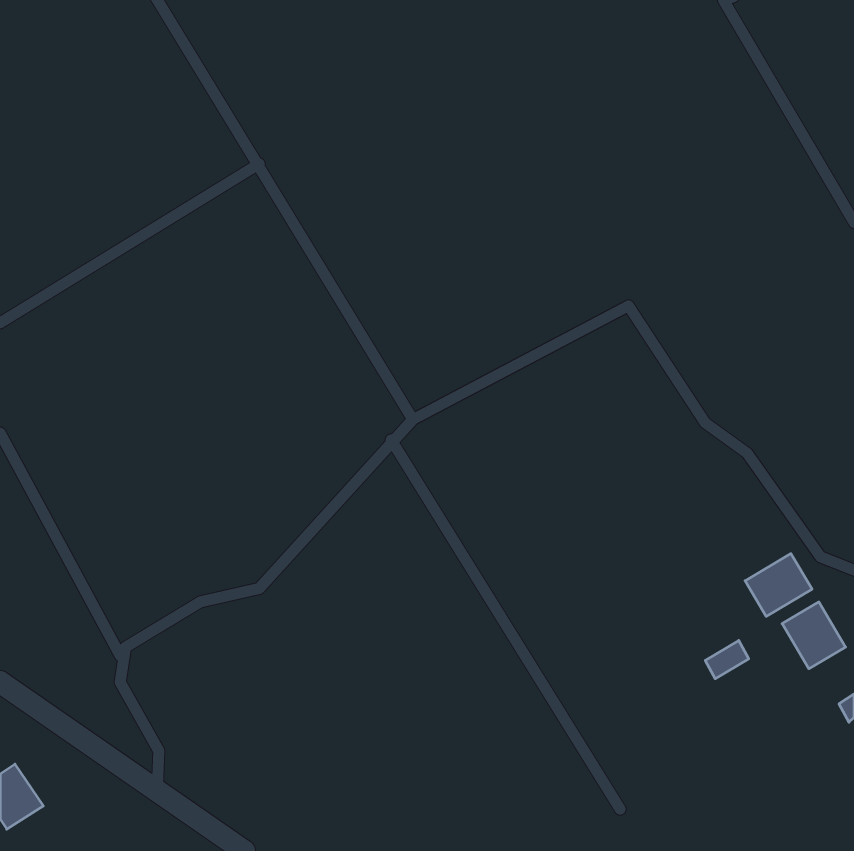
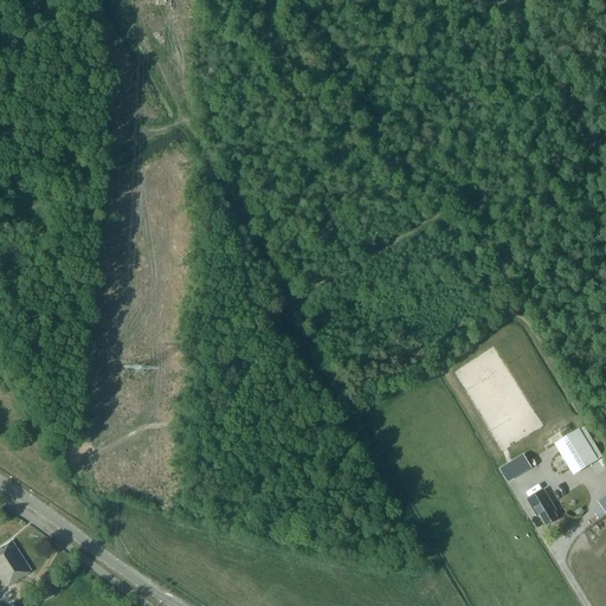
building: [745,554,812,616] -> none
building: none -> [527,489,557,524]

